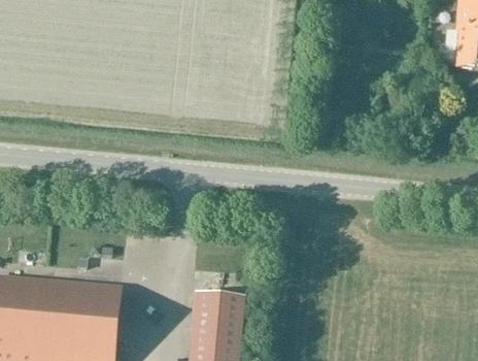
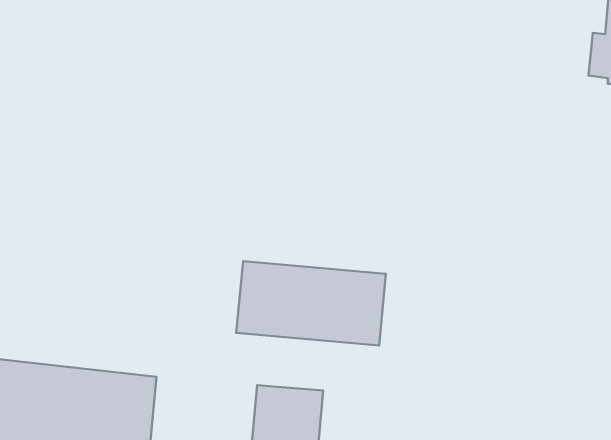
building: none -> [236,261,386,346]

